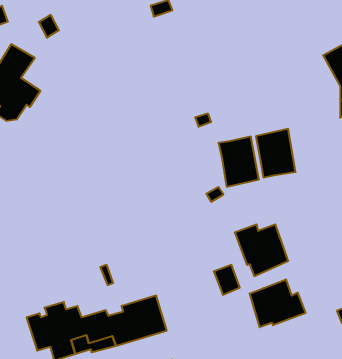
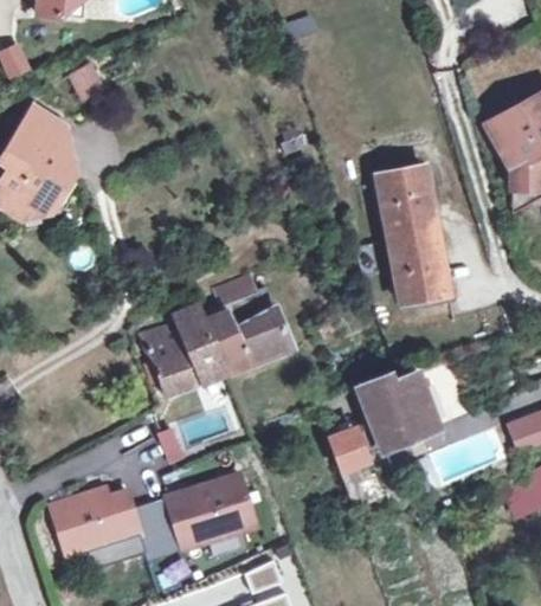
building: [218,137,259,187] -> [376,168,436,241]
building: none -> [140,288,288,398]
building: [250,279,305,327] -> none

